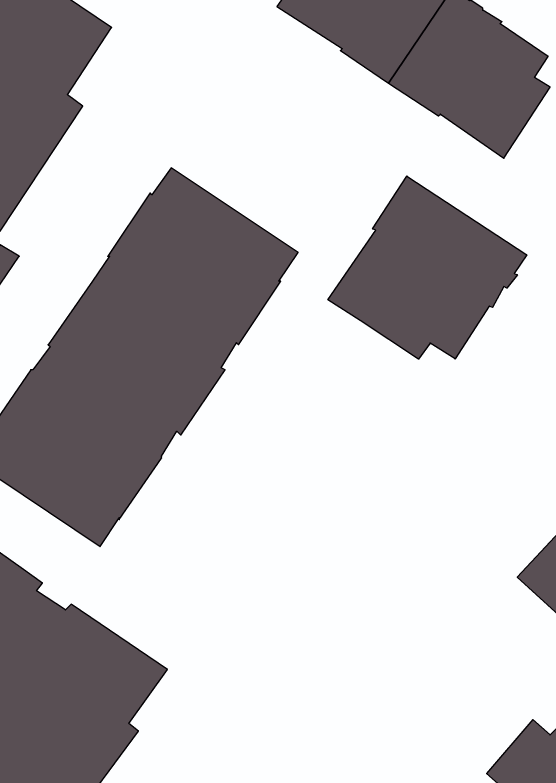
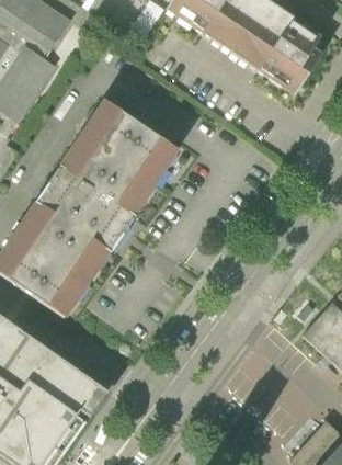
building: [328,176,527,359] -> none

